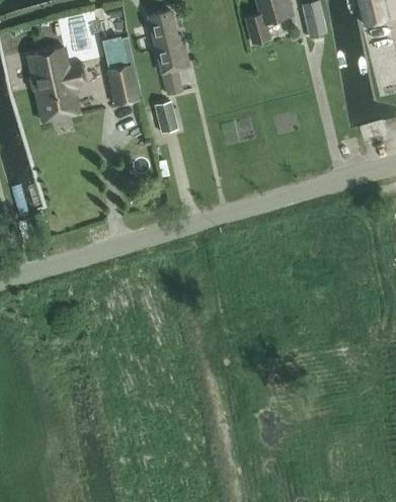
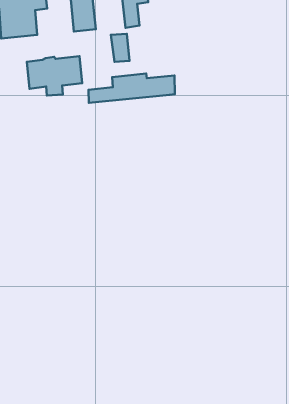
building: none -> [27,56,82,96]
building: none -> [88,74,175,103]

